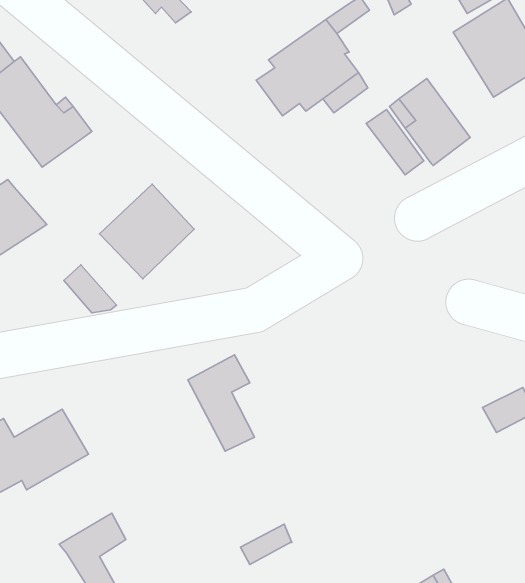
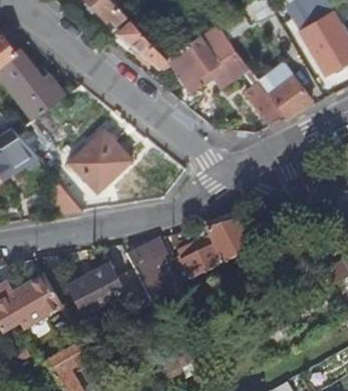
building: none -> [113,18,165,64]
building: none -> [182,220,253,280]
building: none -> [67,264,128,315]

